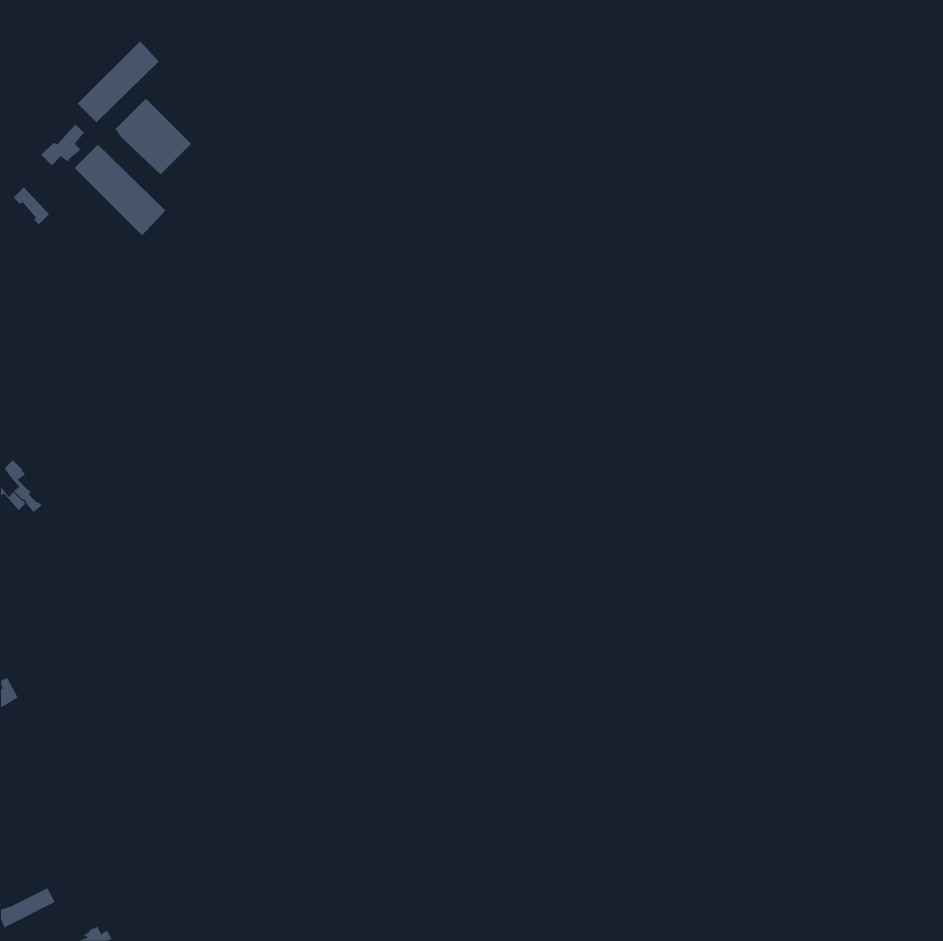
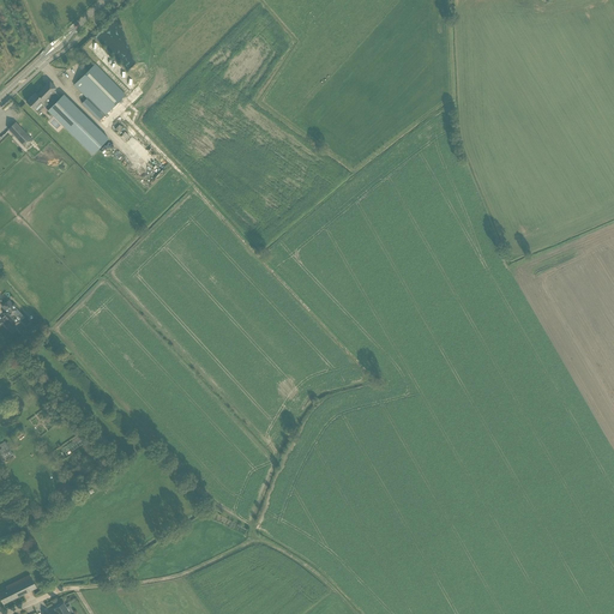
building: [77,40,159,123] -> none

